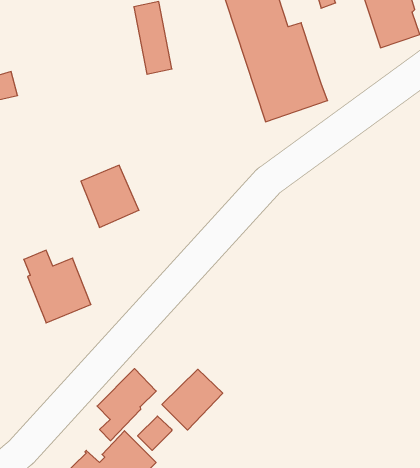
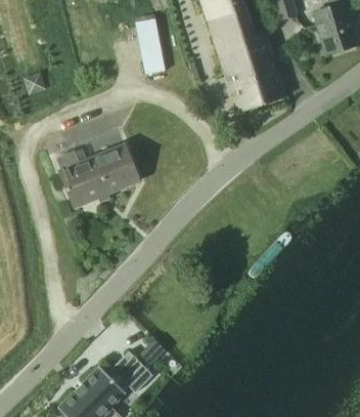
building: [24,250,91,323] -> [56,151,108,207]
building: [97,369,156,441] -> none
building: [162,369,223,430] -> none

